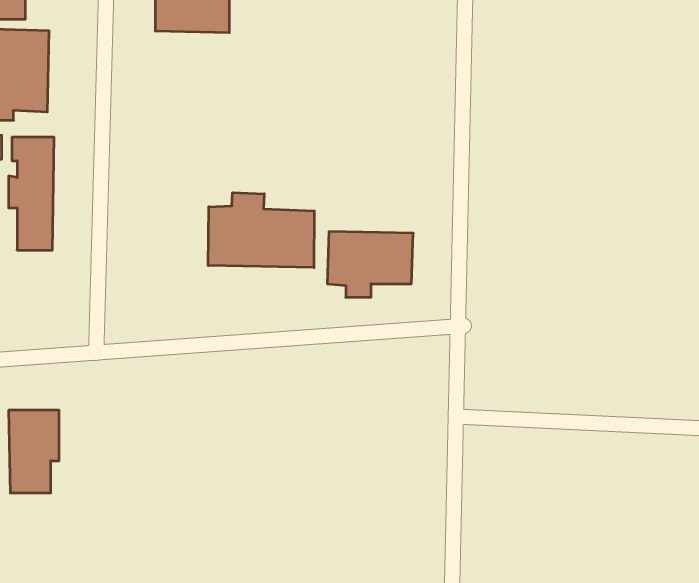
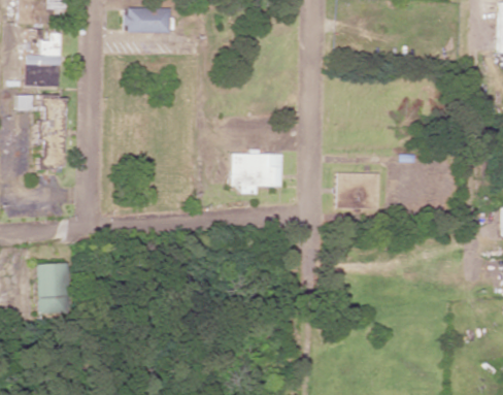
building: [208,193,314,268] -> none
building: none -> [338,172,380,209]

